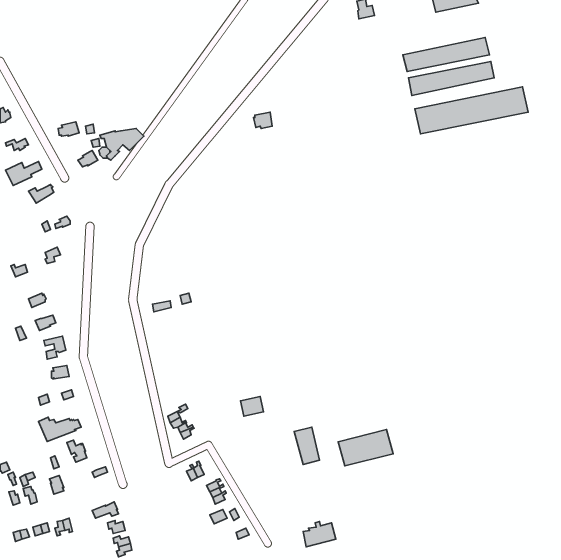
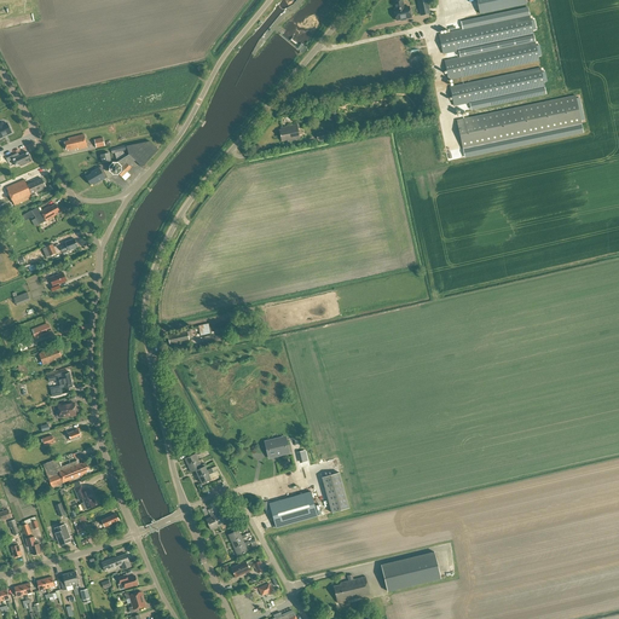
building: none -> [439,16,533,53]
building: [338,430,393,466] -> [381,551,441,591]
building: none -> [270,491,318,527]

